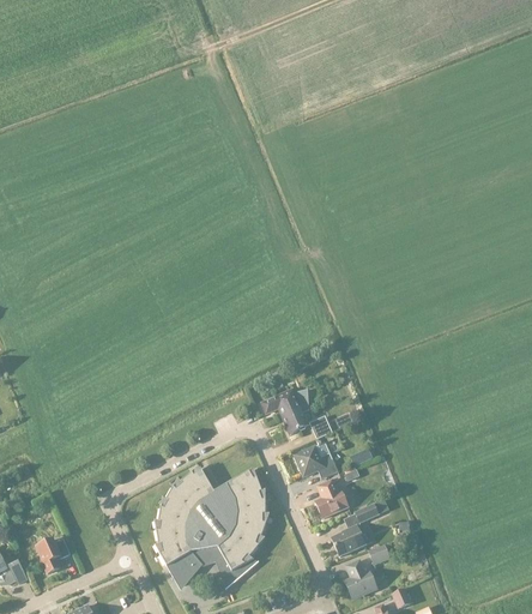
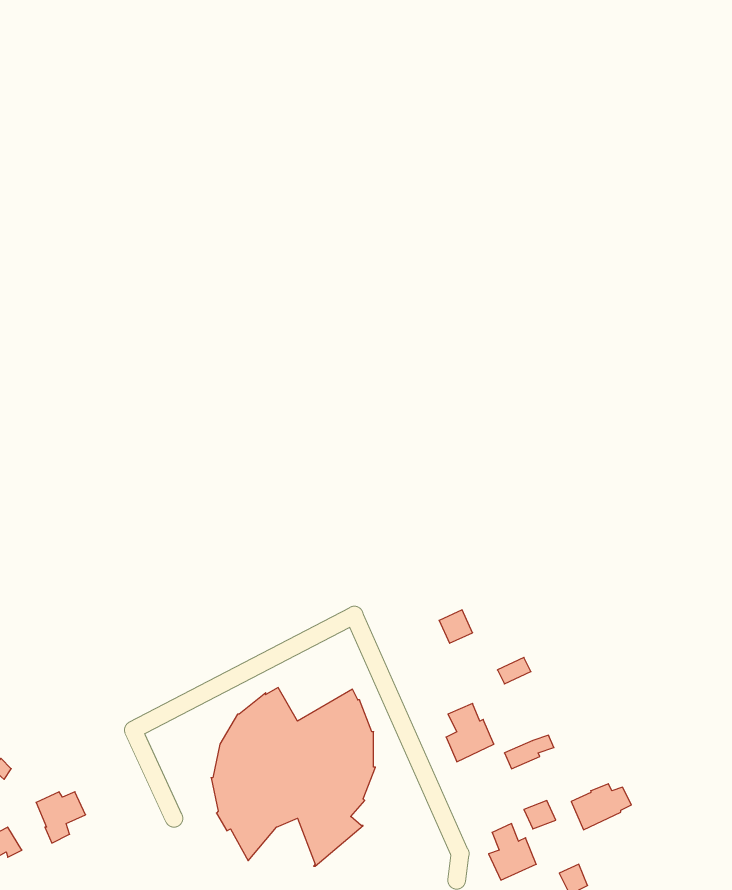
building: [261,390,308,434] -> none
building: [294,441,337,478] -> none
building: [331,525,371,556] -> [571,784,631,830]

